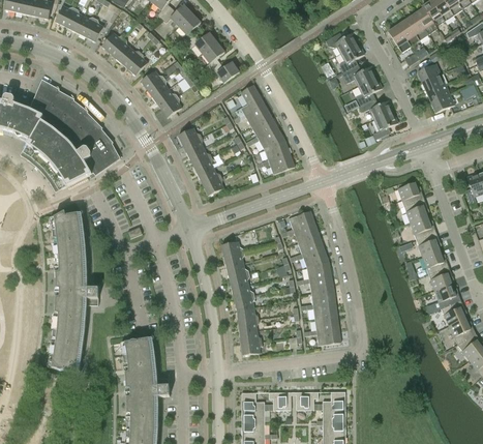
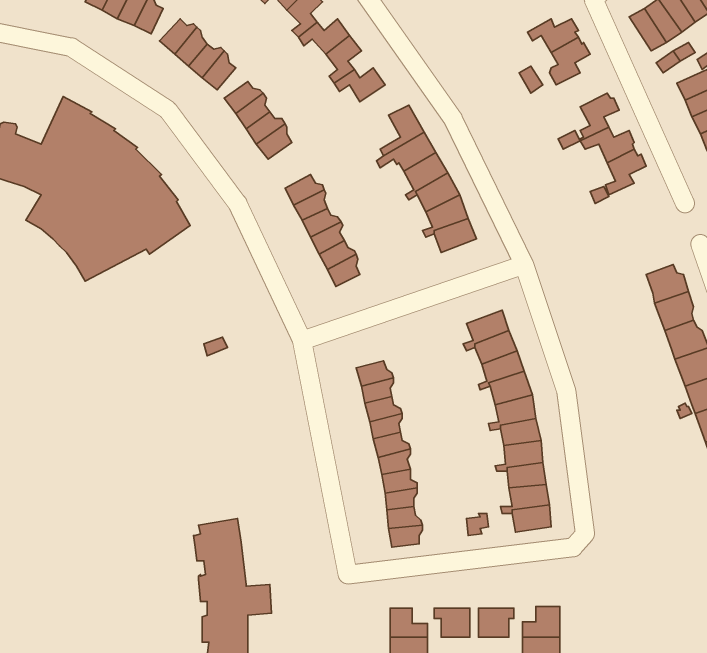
building: [341,65,374,86] -> none
building: [49,211,98,373] -> none

